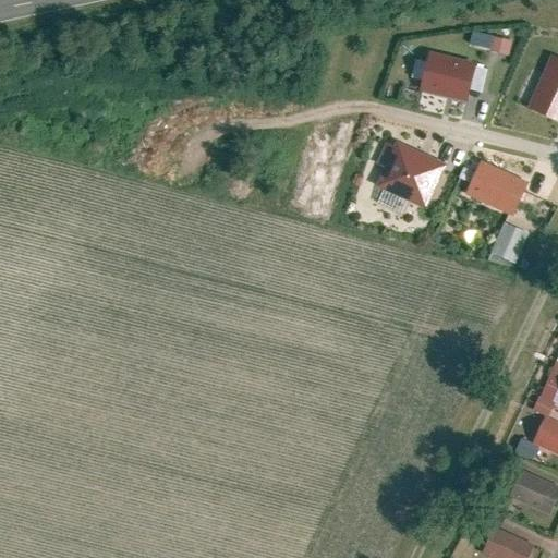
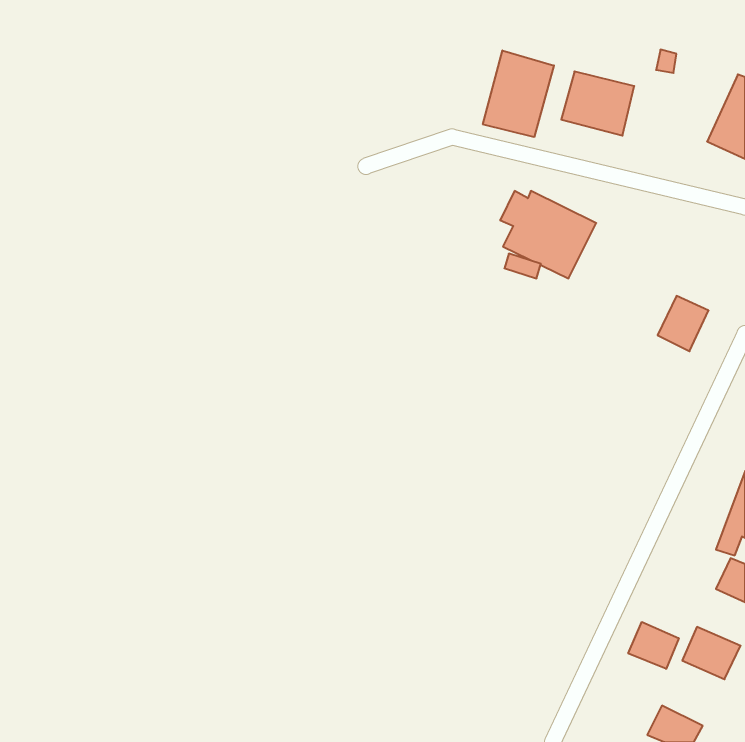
building: none -> [483,50,554,137]
building: [465,161,526,215] -> none
building: none -> [628,622,679,669]

